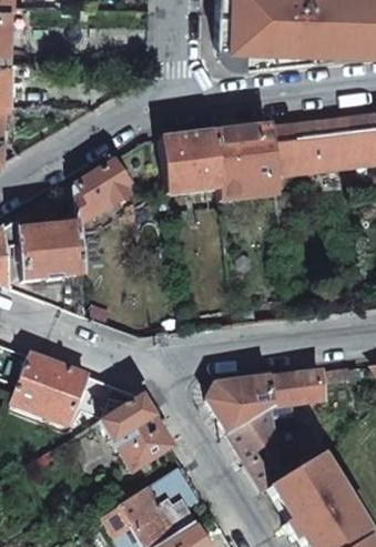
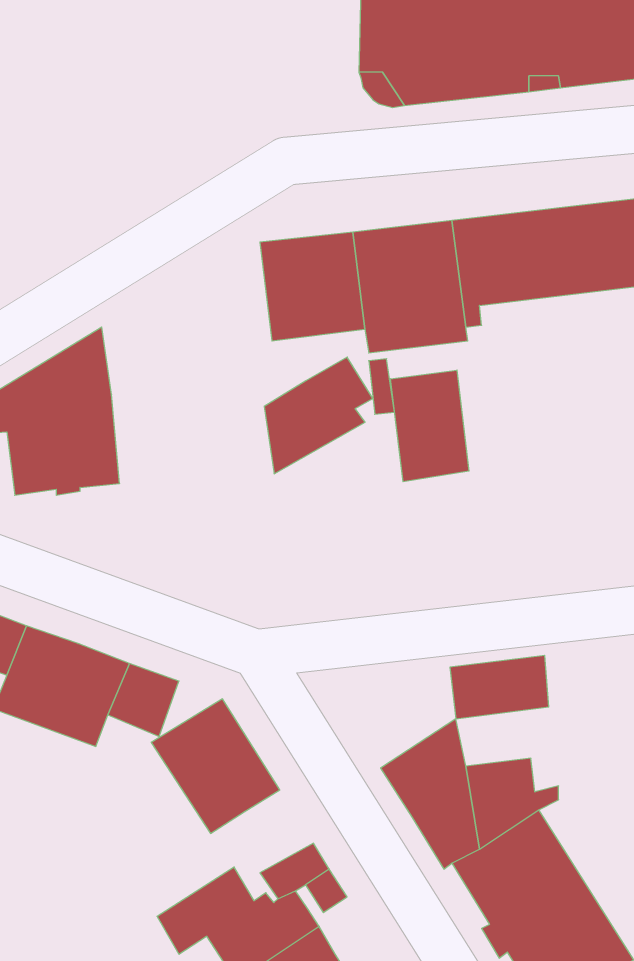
building: [73,159,134,224] -> [264,357,373,474]
building: none -> [390,370,469,482]
building: [209,377,272,434] -> none

